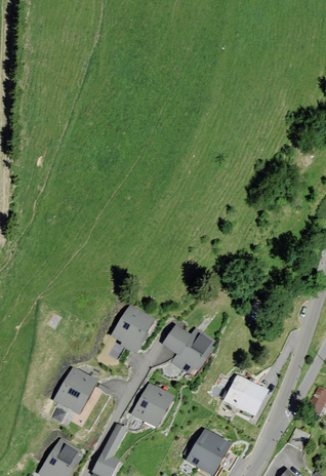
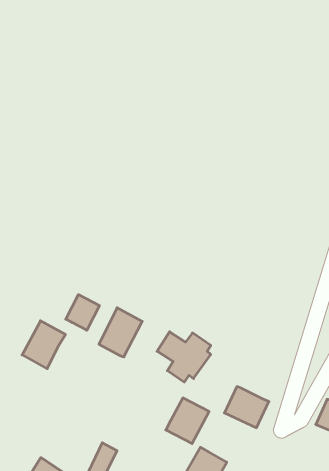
building: none -> [66,295,99,330]
building: [55,368,94,411] -> [22,321,65,369]
building: [133,383,172,424] -> [166,398,209,444]

